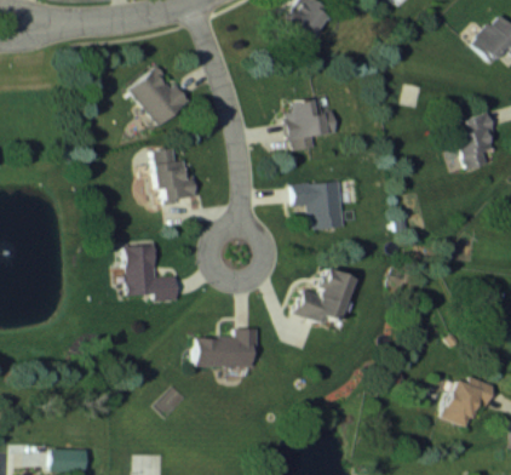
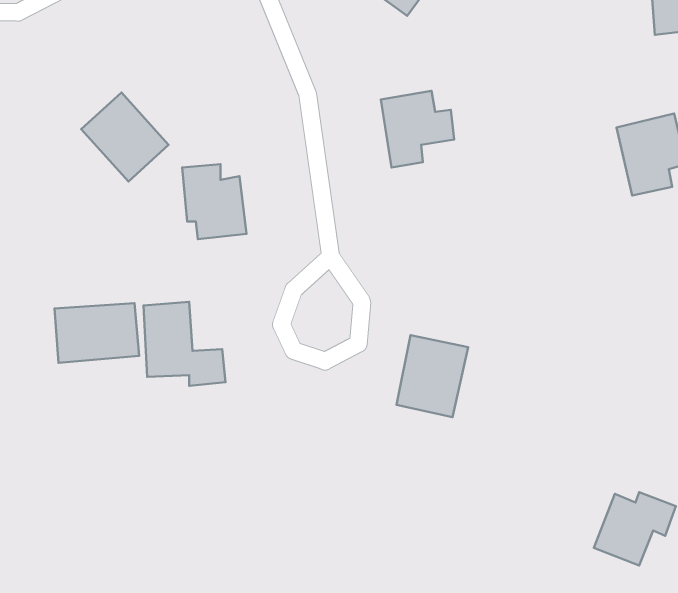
building: [128,64,189,126] -> [81,93,168,182]
building: [293,181,345,228] -> none
building: none -> [54,303,139,363]
building: [191,328,257,366] -> none

